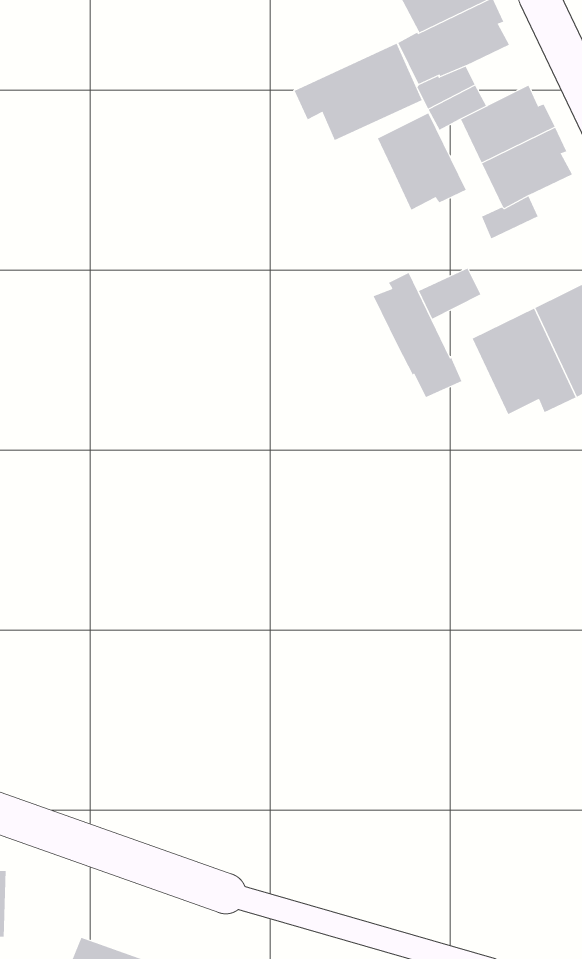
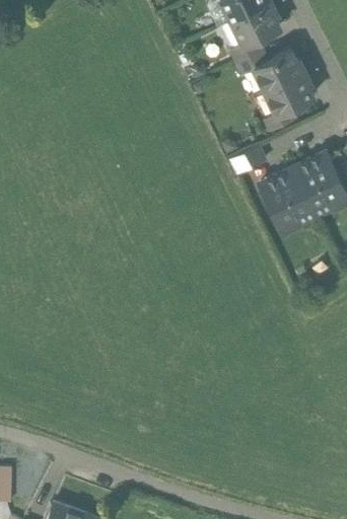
building: [294,43,423,141] -> none
building: [377,113,466,210] -> none
building: [373,272,462,398] -> none

